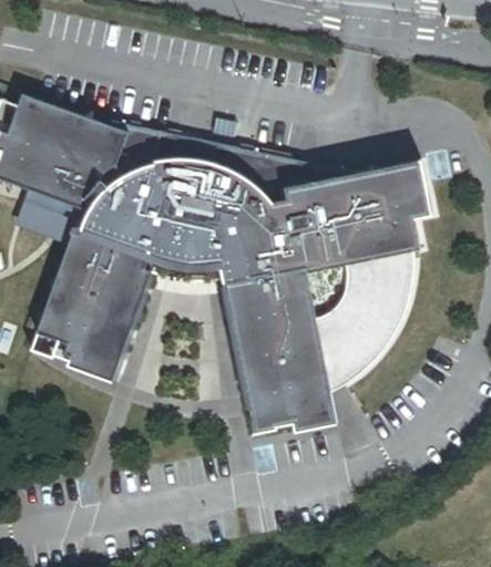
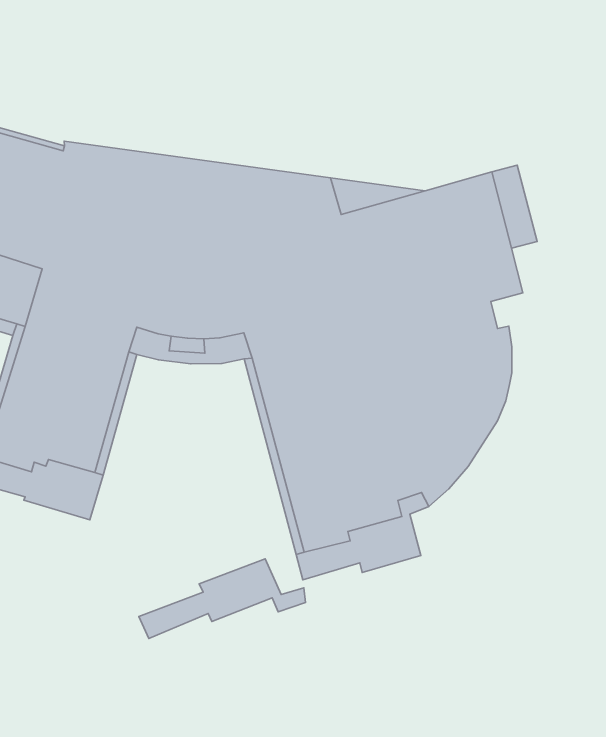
building: none -> [139,559,306,638]

